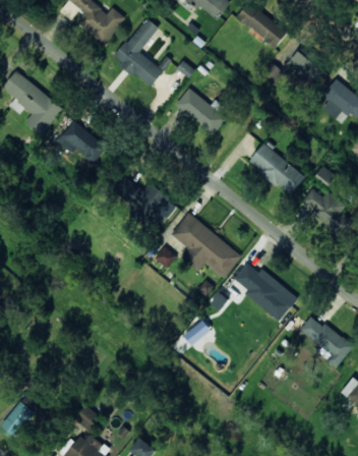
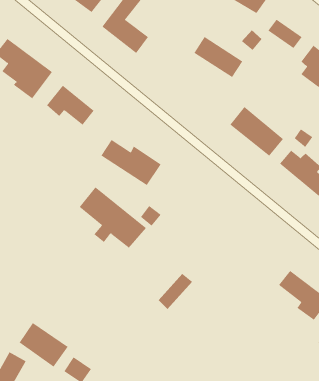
building: [175,90,227,133] -> [194,36,243,78]
building: [171,213,242,278] -> [79,187,147,249]
building: [234,263,298,322] -> none
building: none -> [19,322,68,368]

